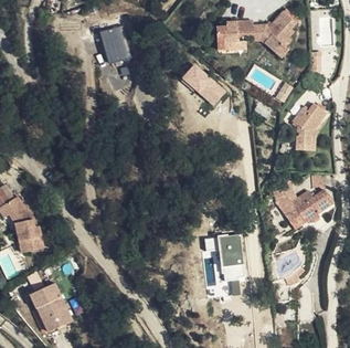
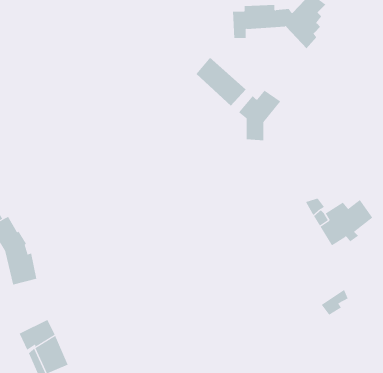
building: [100,27,130,64] -> none
building: [290,102,327,145] -> [238,90,281,141]
building: [204,234,246,281] -> none

